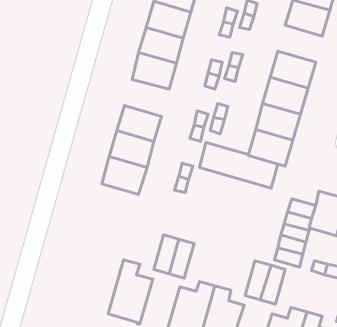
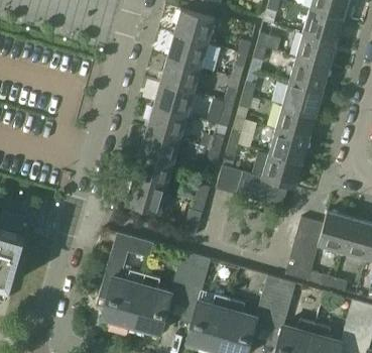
building: none -> [288,56,330,91]
building: none -> [146,107,188,141]
building: none -> [98,233,154,325]

